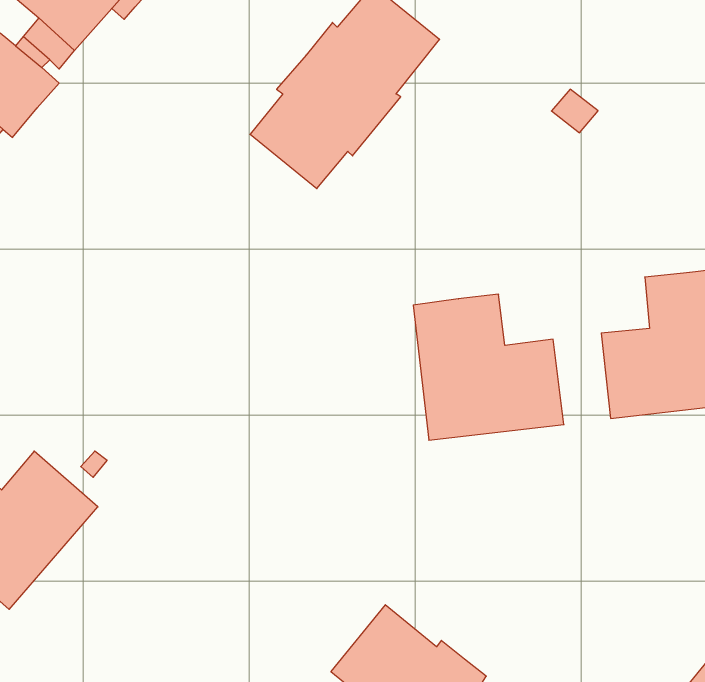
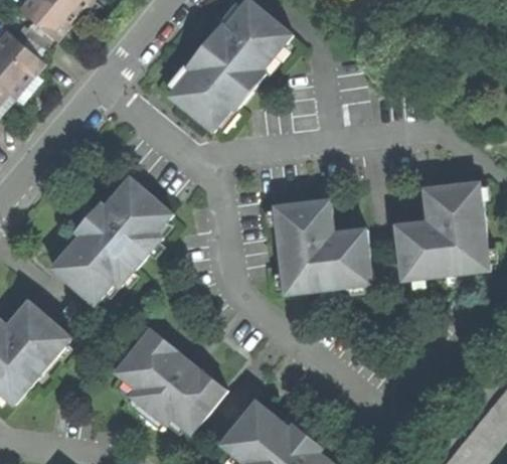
building: none -> [51,177,171,304]
building: none -> [115,329,225,433]

